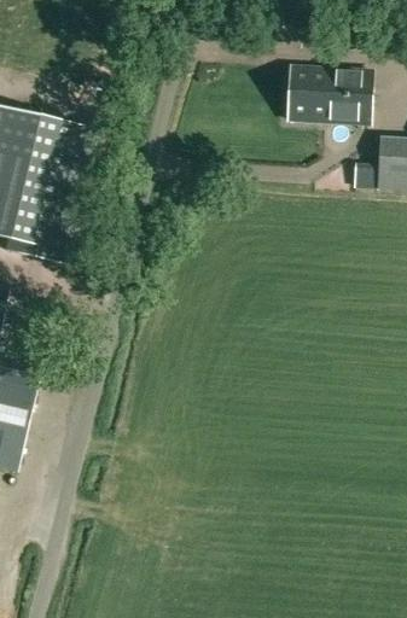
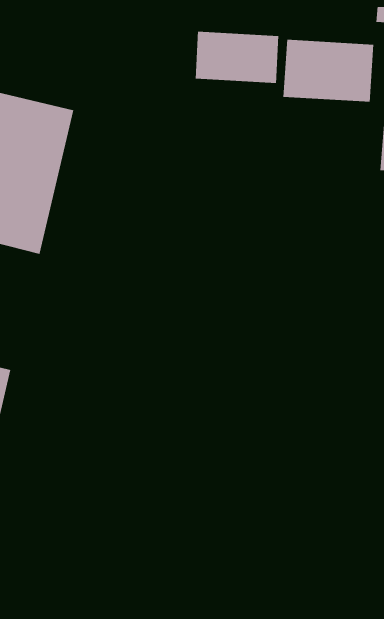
building: none -> [195,31,279,84]

